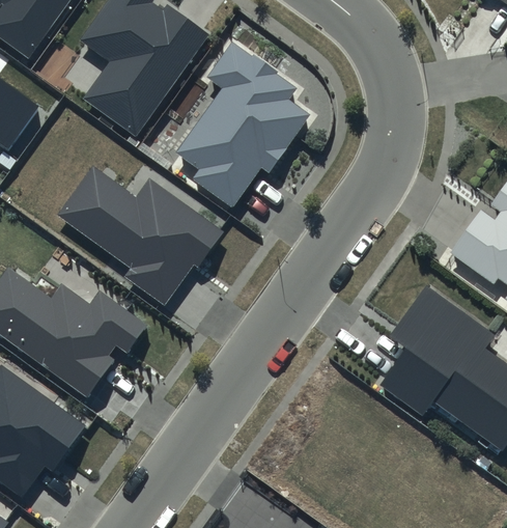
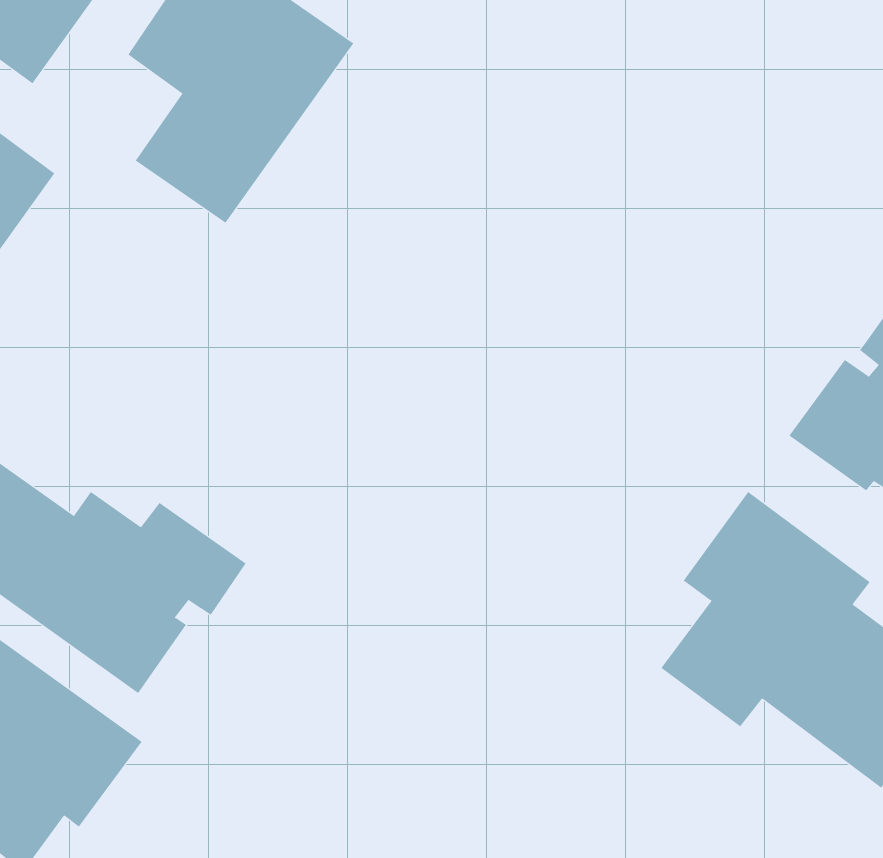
building: [177,40,311,206] -> none
building: [57,164,225,304] -> none

